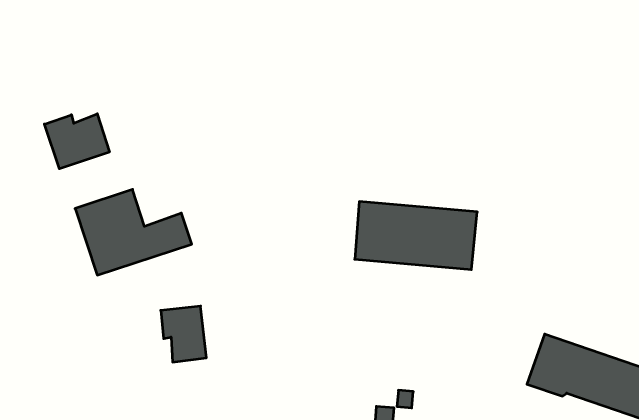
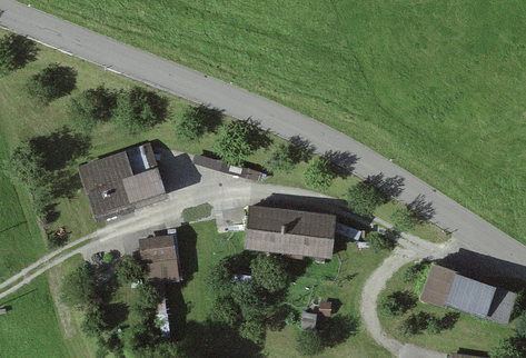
building: [44,114,109,169] -> none
building: [355,202,477,270] -> [245,207,337,258]

